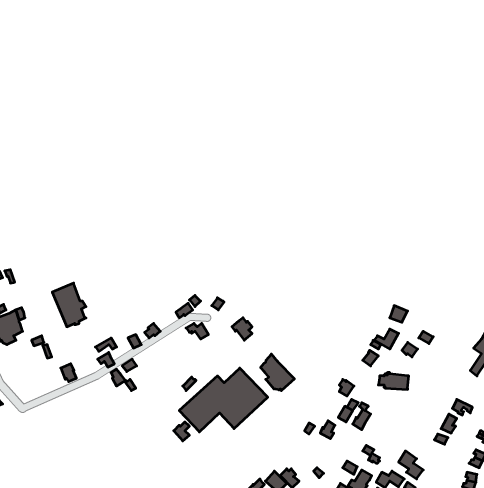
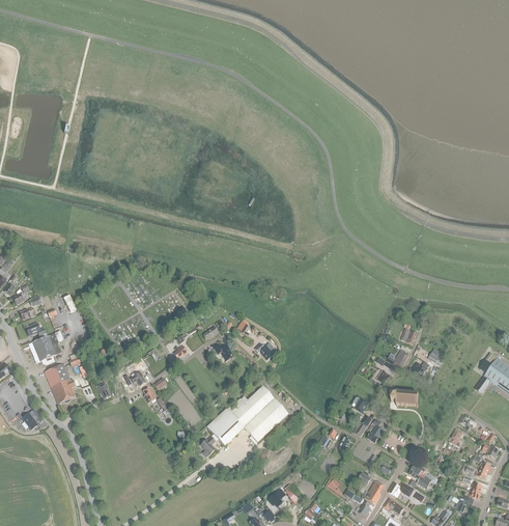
building: [52,283,86,327] -> [44,363,75,404]
building: [261,354,294,391] -> none

